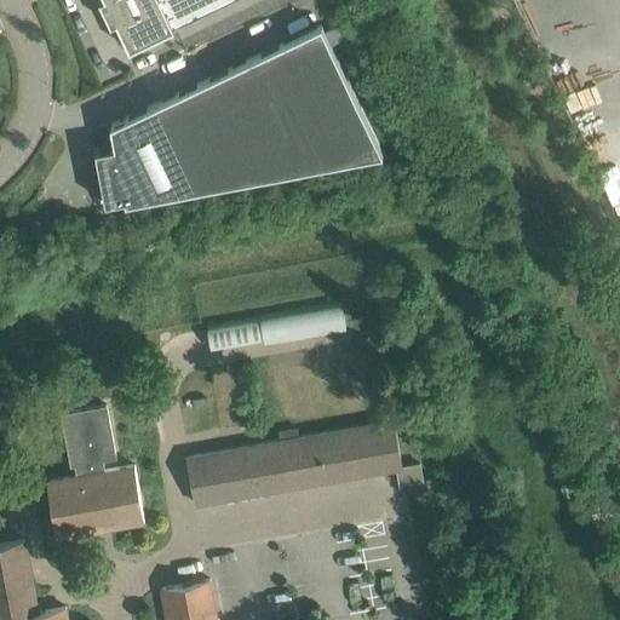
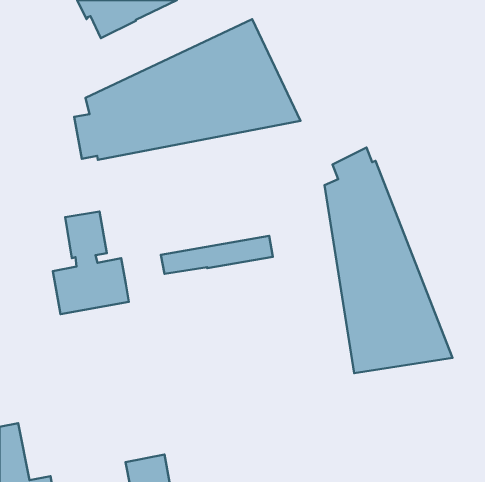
building: none -> [325,148,453,373]
building: [46,409,143,540] -> [53,211,129,314]
building: [186,423,421,509] -> none

